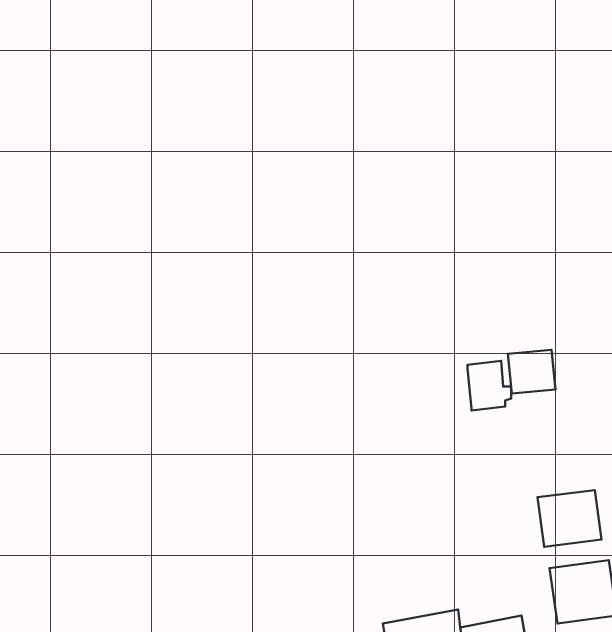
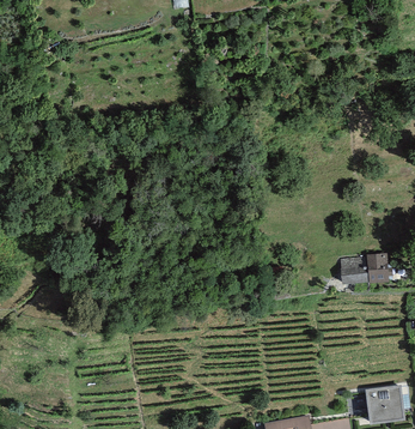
building: [467,361,511,410] -> [366,252,392,282]
building: [538,490,602,547] -> none

